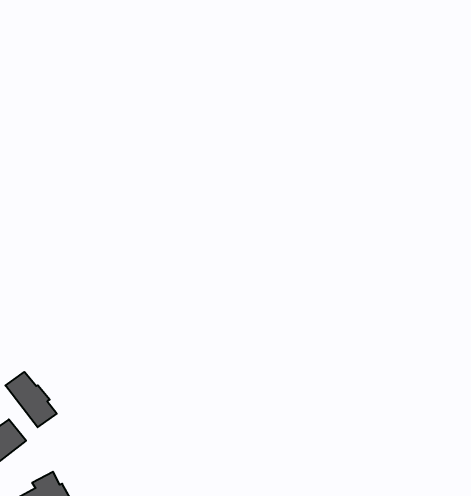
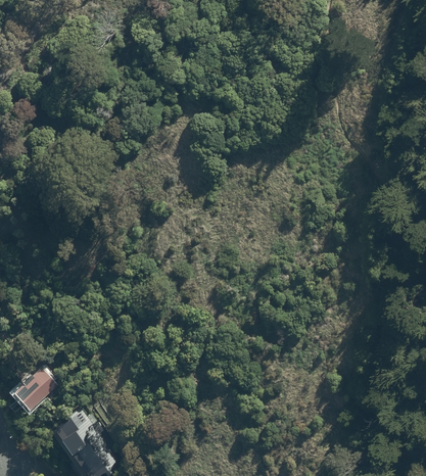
building: [5,372,57,427] -> none

